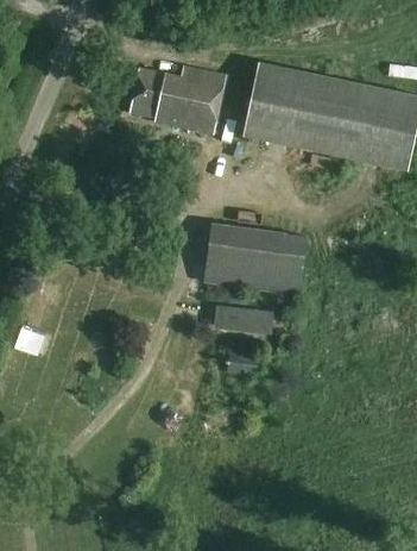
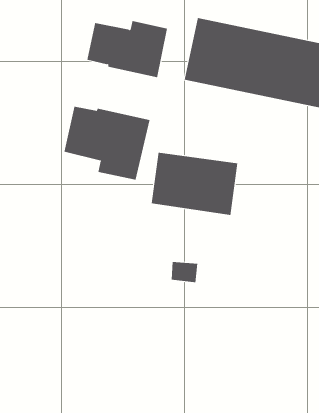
building: none -> [64,106,150,181]
building: [215,306,274,334] -> none

